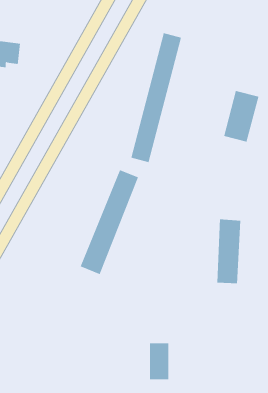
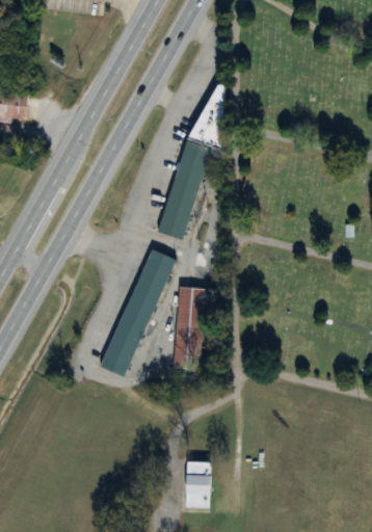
building: [224,90,259,142] -> none
building: [217,219,241,284] -> [175,288,205,368]

